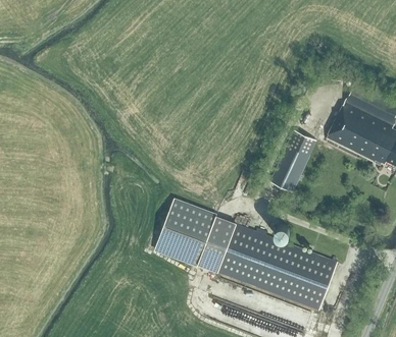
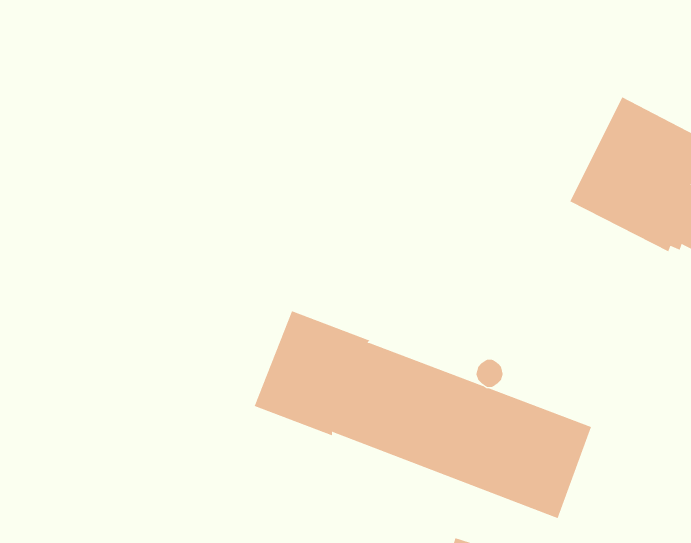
building: [268,130,315,192] -> none

